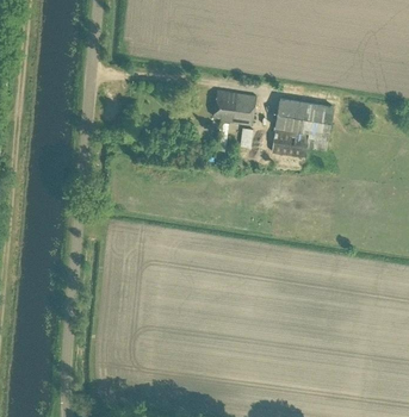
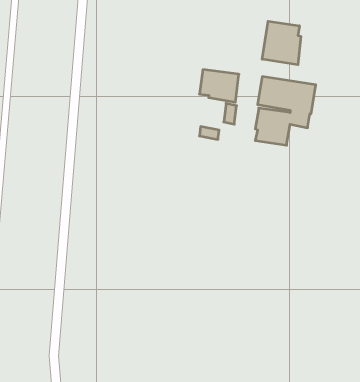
building: none -> [262,21,301,65]

